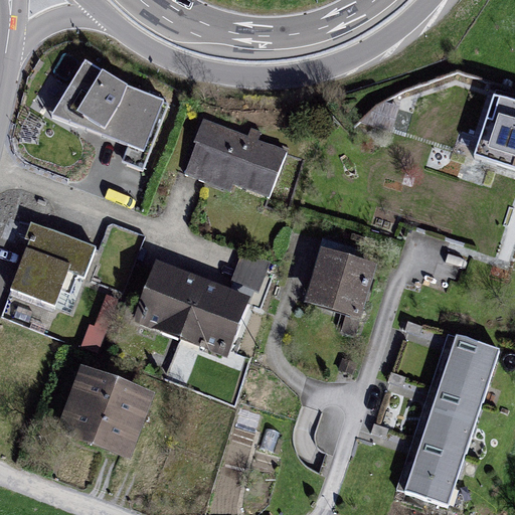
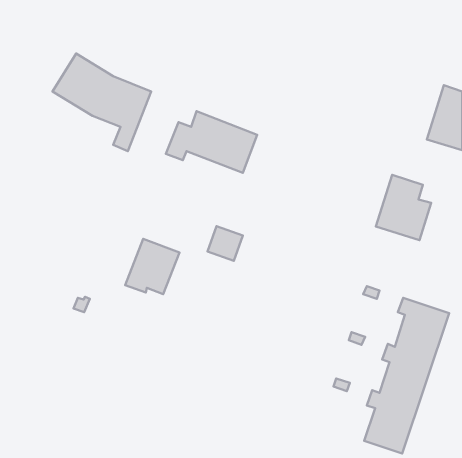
building: [9,222,95,310] -> none
building: [310,237,371,310] -> [376,175,431,240]
building: [181,281,242,349] -> none
building: [72,375,144,448] -> none

